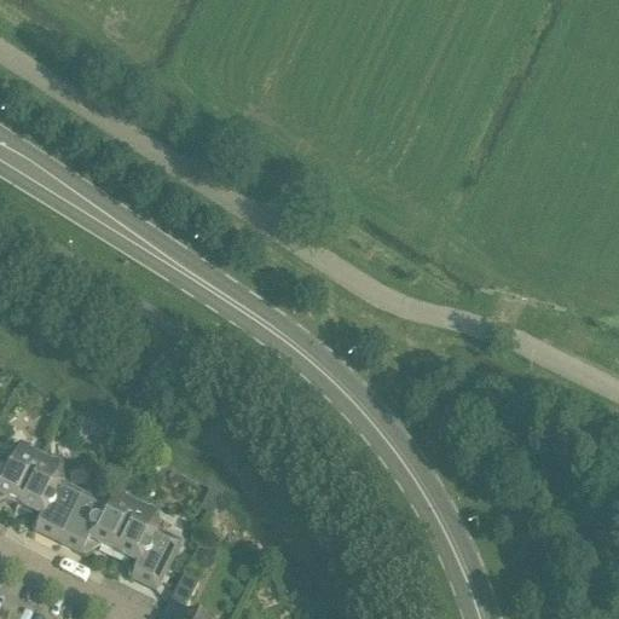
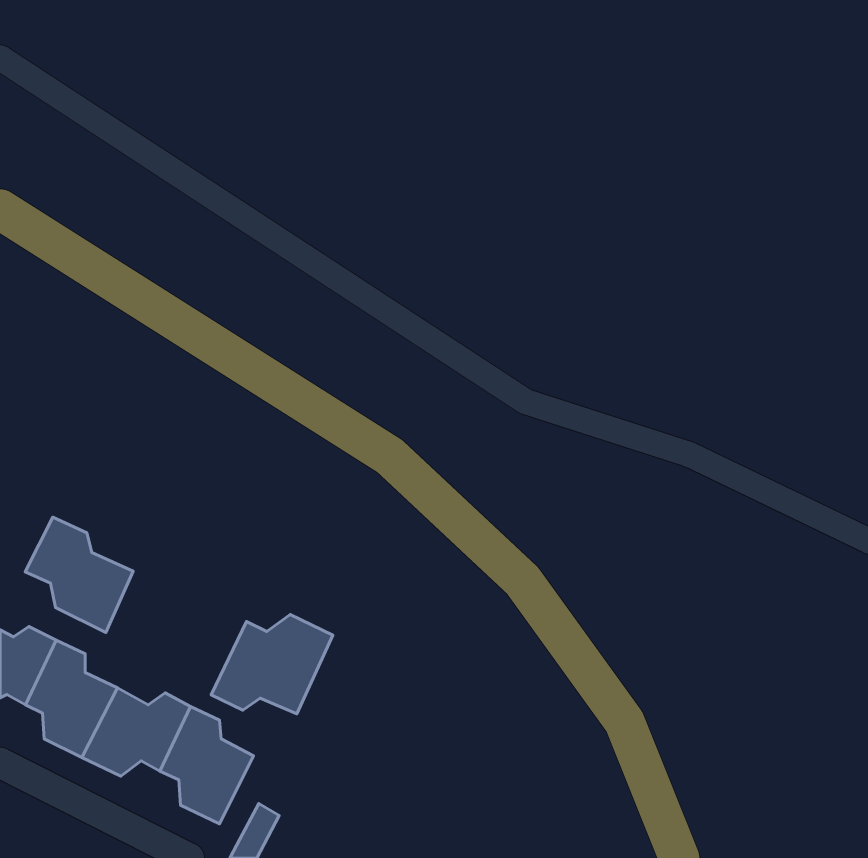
building: none -> [25,517,133,633]
building: none -> [211,615,333,714]

